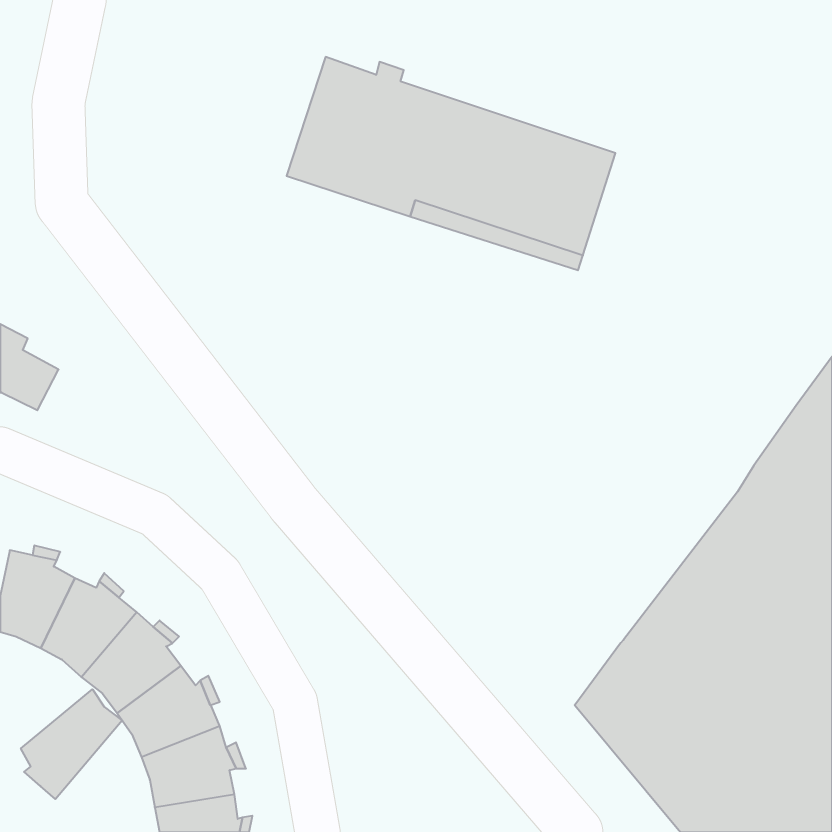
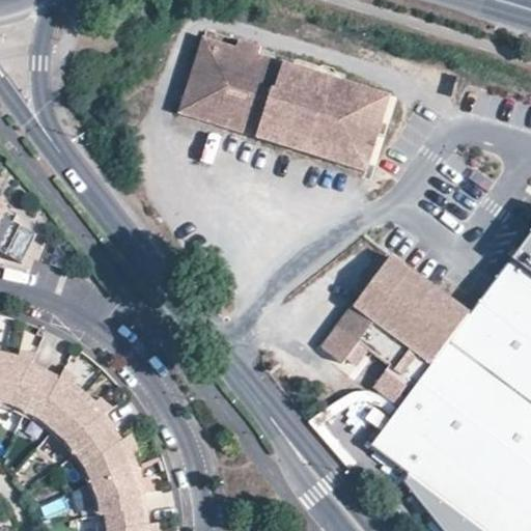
building: none -> [320,254,470,408]
building: [21,689,122,799] -> none

